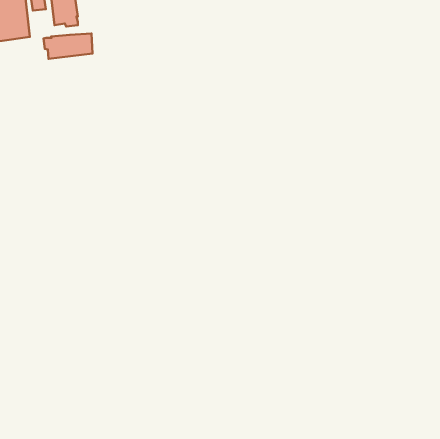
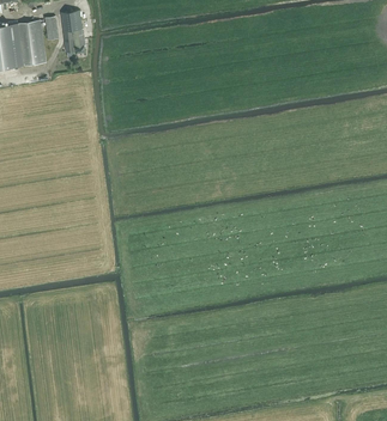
building: [44,33,92,59] -> none

